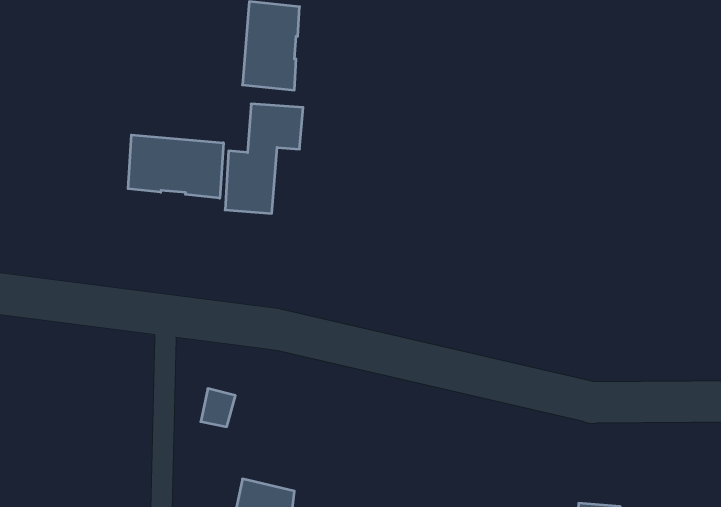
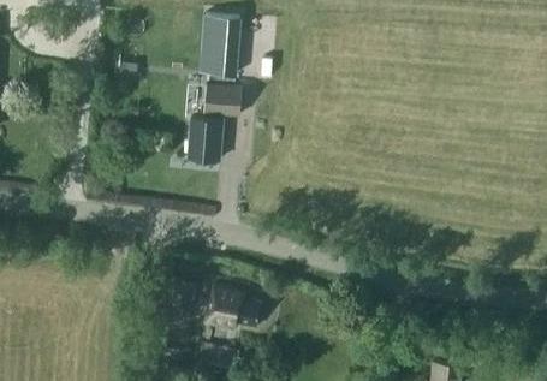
building: [128,135,223,198] -> none
building: none -> [204,284,261,327]

